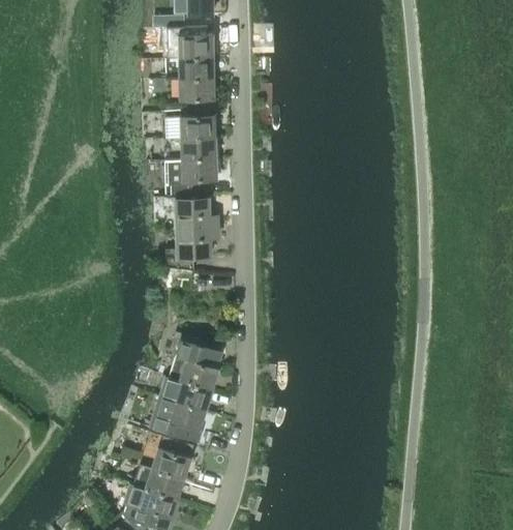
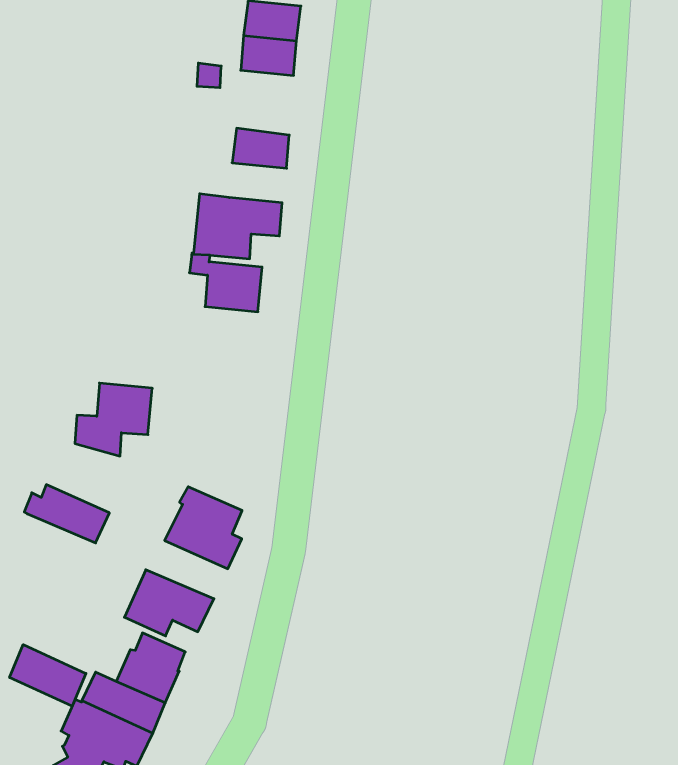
building: [180,79,214,100] -> none
building: [182,137,216,159] -> none
building: [165,228,211,272] -> [75,383,152,456]
building: [159,377,212,409] -> [24,485,109,543]
building: none -> [10,645,86,706]

